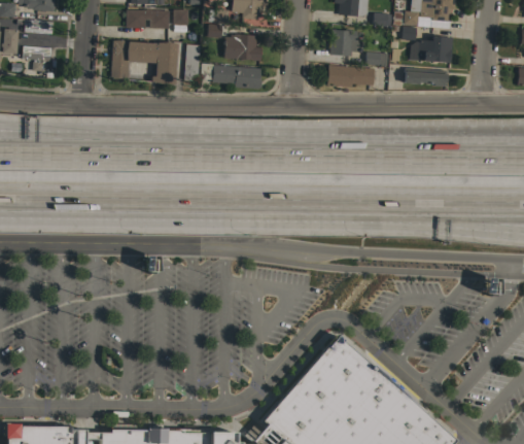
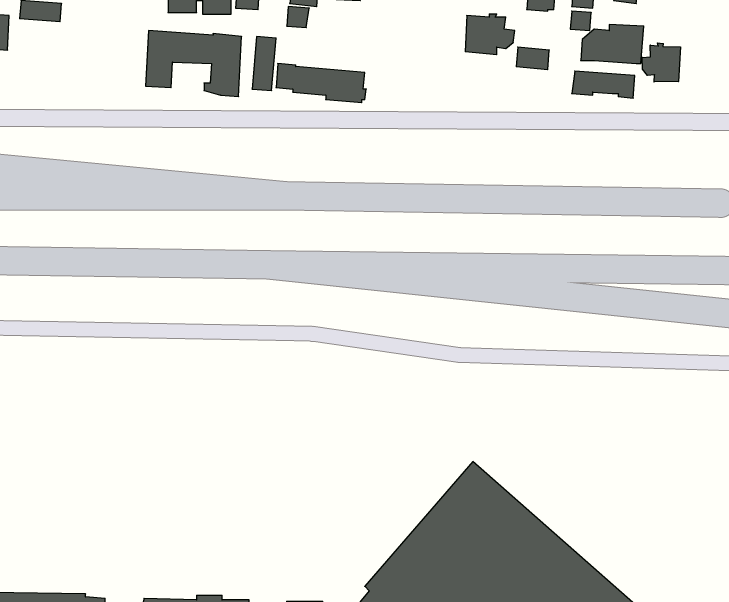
building: [224,33,261,60] -> none
building: [23,45,51,70] -> none
building: none -> [642,43,680,82]
building: [327,64,375,87] -> none

